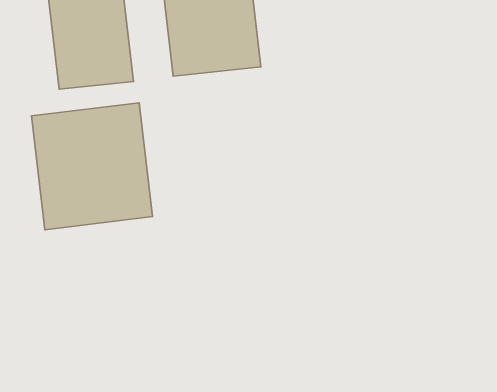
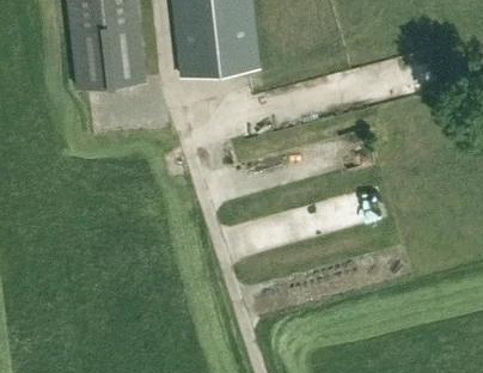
building: [31,103,153,230] -> none

